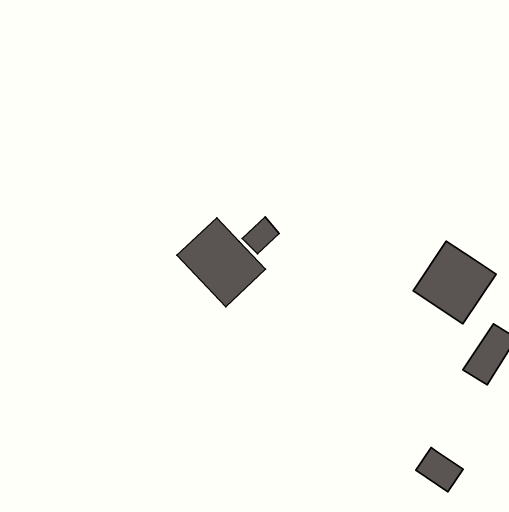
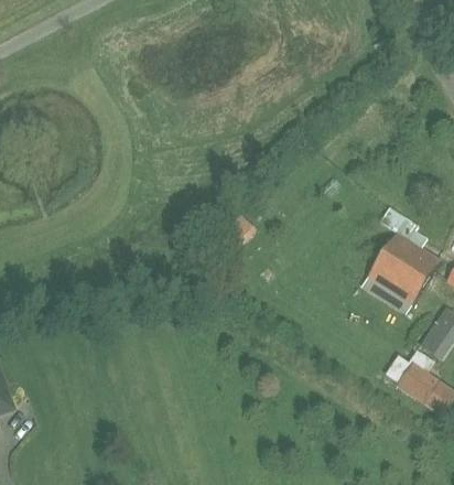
building: [177,218,265,307] -> none
building: [416,447,463,492] -> [398,364,439,402]

